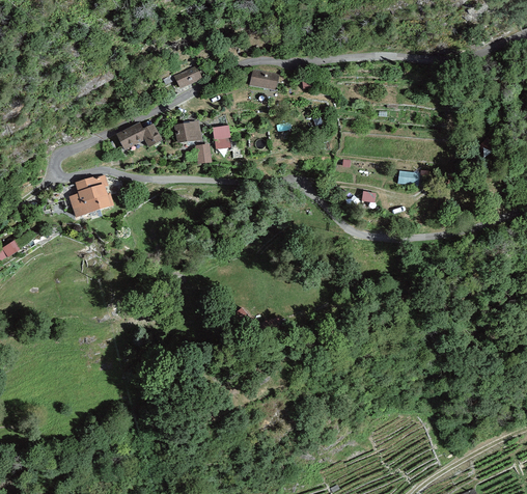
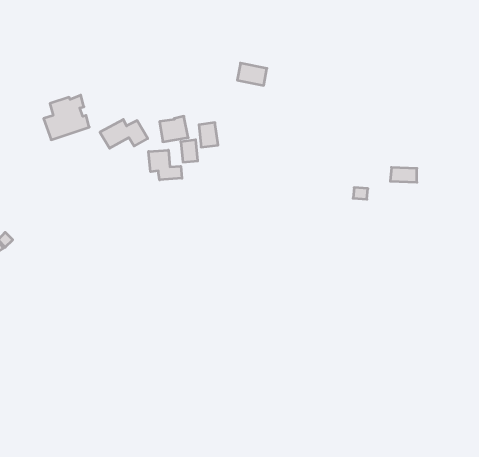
building: [173,63,202,88] -> none
building: none -> [149,150,182,180]
building: [68,173,113,217] -> [44,95,89,140]

